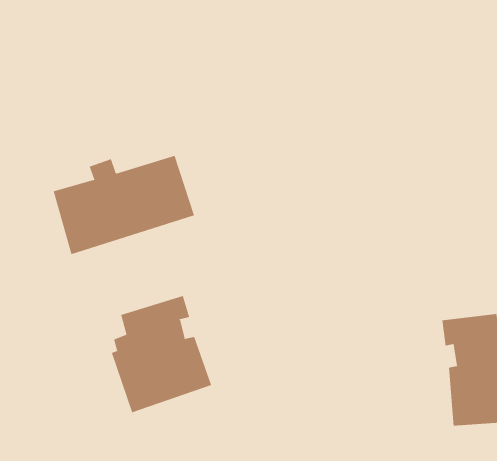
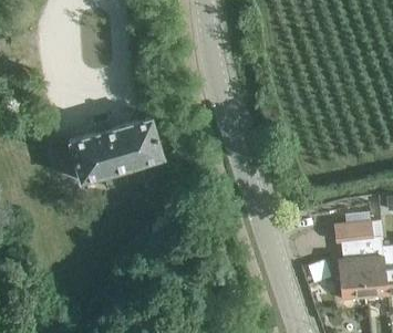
building: [111,295,212,413] -> none

